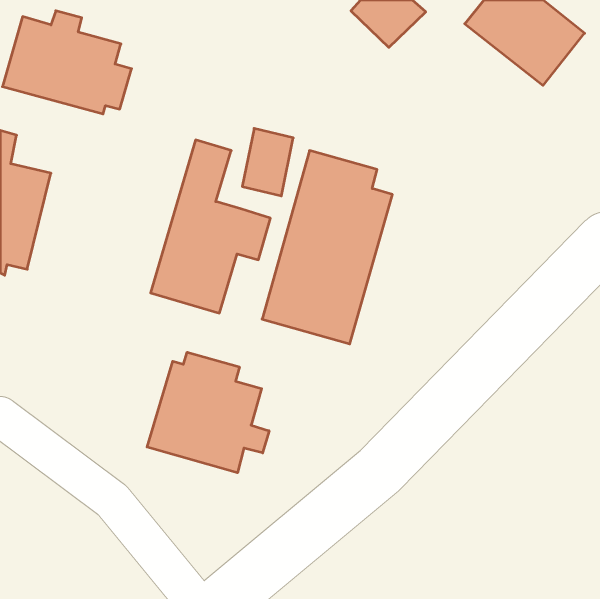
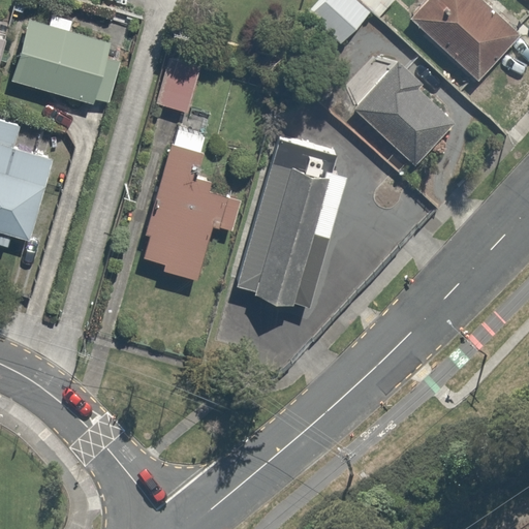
building: none -> [350,57,454,162]
building: [242,128,293,196] -> [157,55,201,114]
building: [147,352,269,473] -> none

